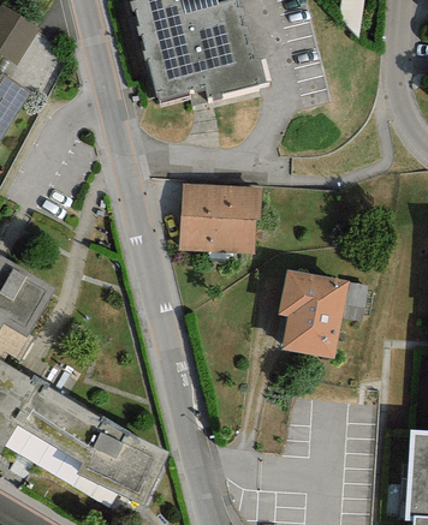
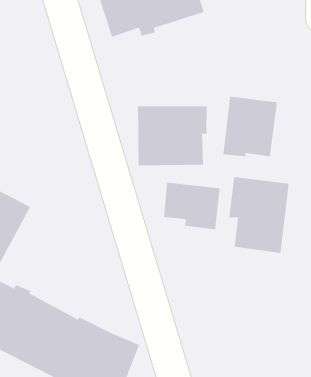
building: none -> [223,96,277,157]
building: none -> [163,182,220,230]

